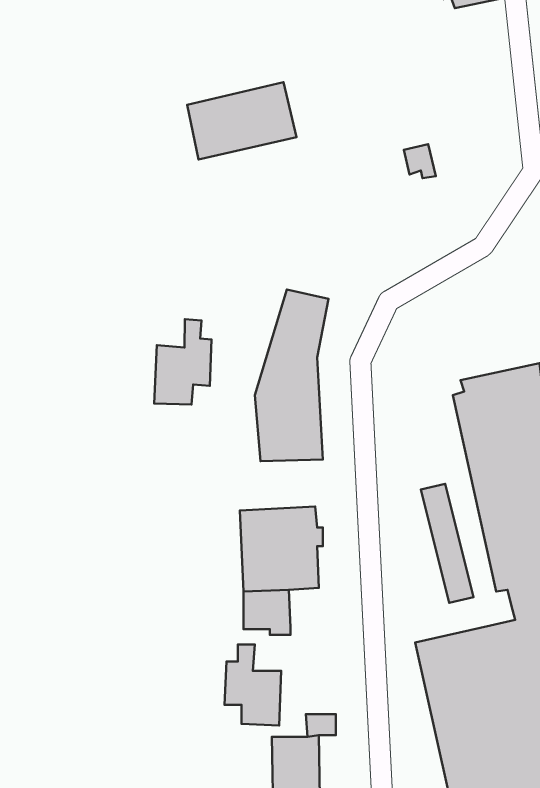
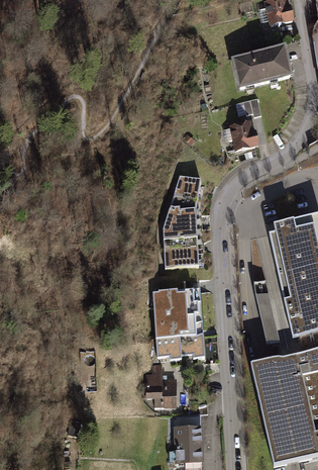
building: [187,82,297,160] -> [233,45,292,87]
building: none -> [229,119,258,149]
building: [154,319,211,404] -> none
building: none -> [182,332,206,357]

